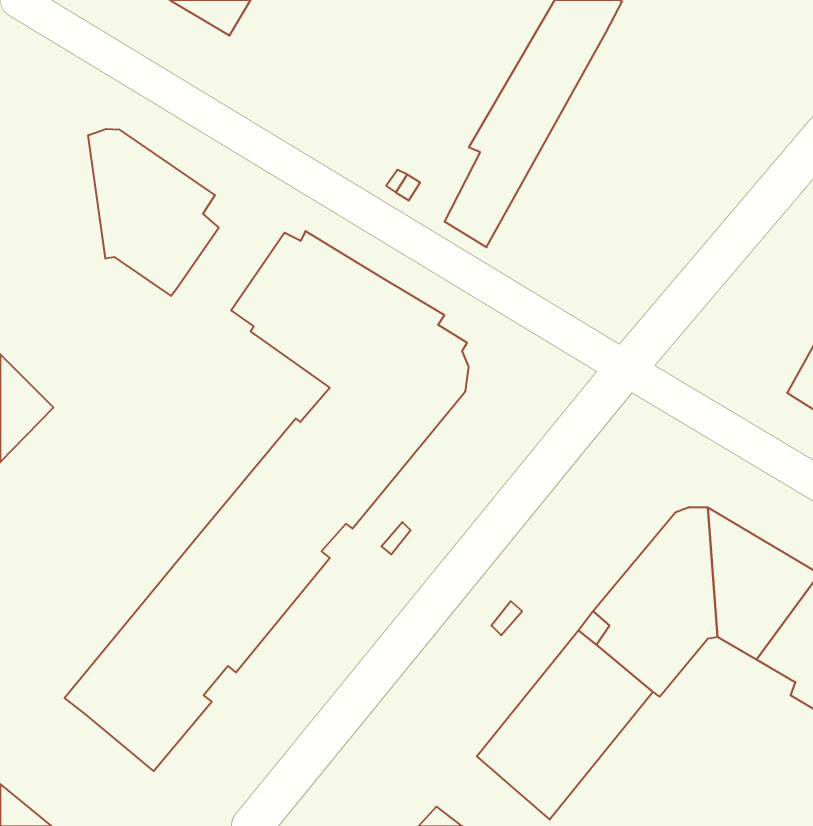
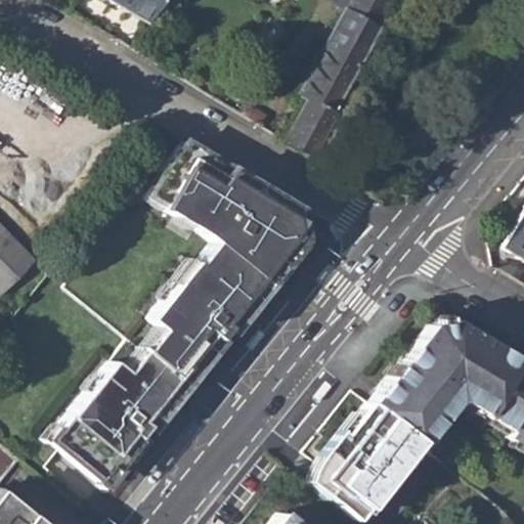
building: [88,129,219,296] -> none

